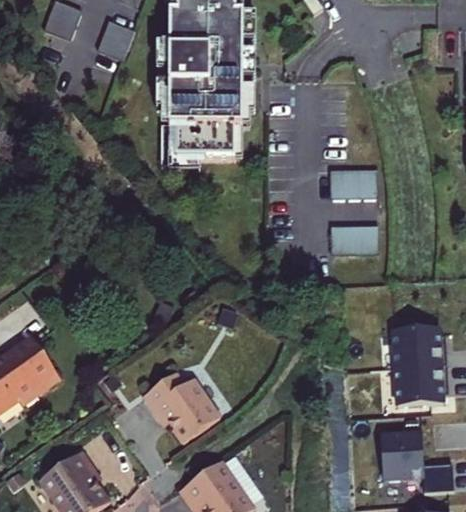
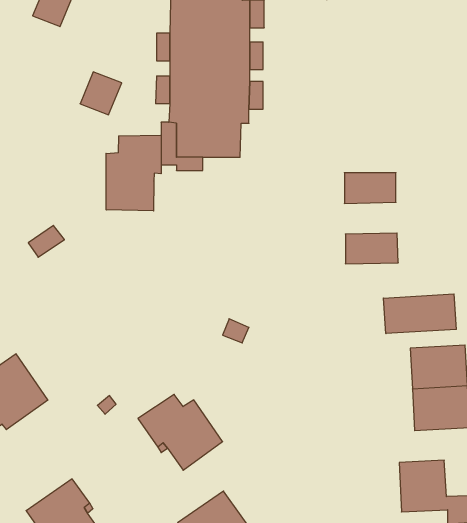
building: [98,20,136,59] -> [80,72,122,115]
building: none -> [106,135,161,211]
building: none -> [383,294,456,334]

